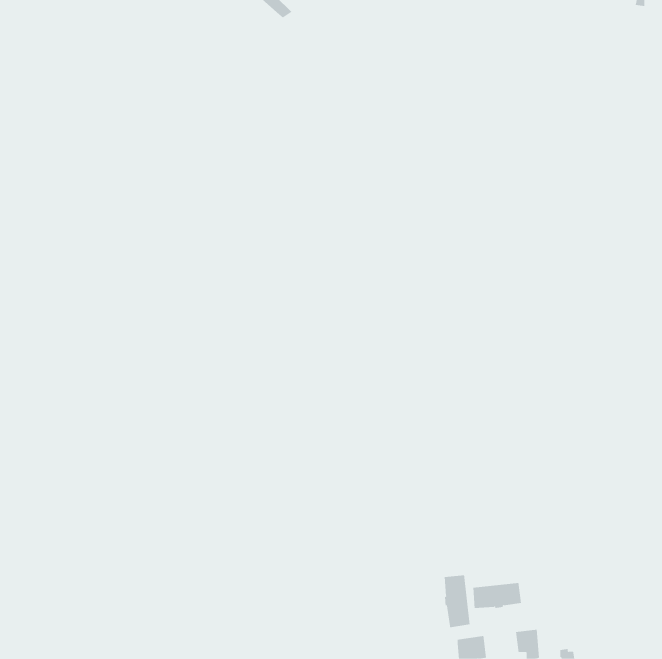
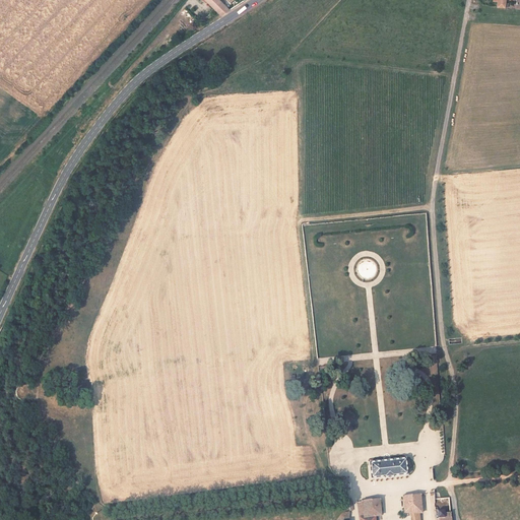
building: [444,574,470,628] -> none

